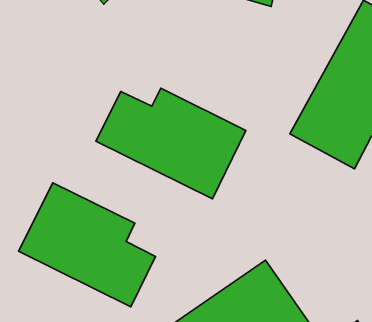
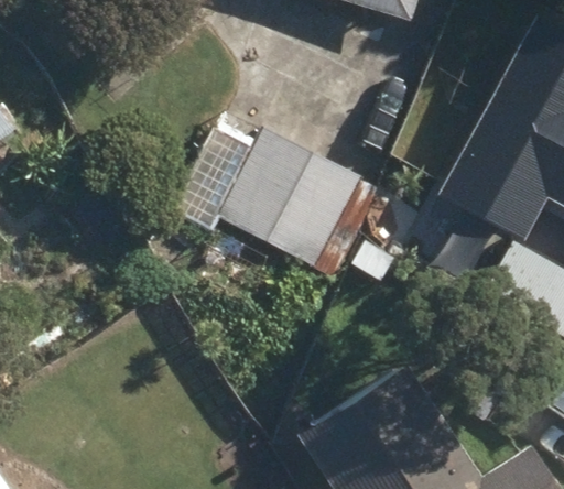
building: [18,183,155,307] -> none

